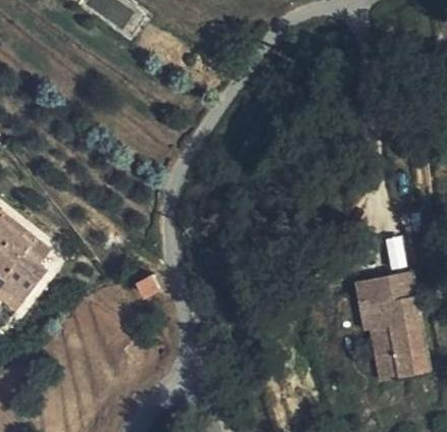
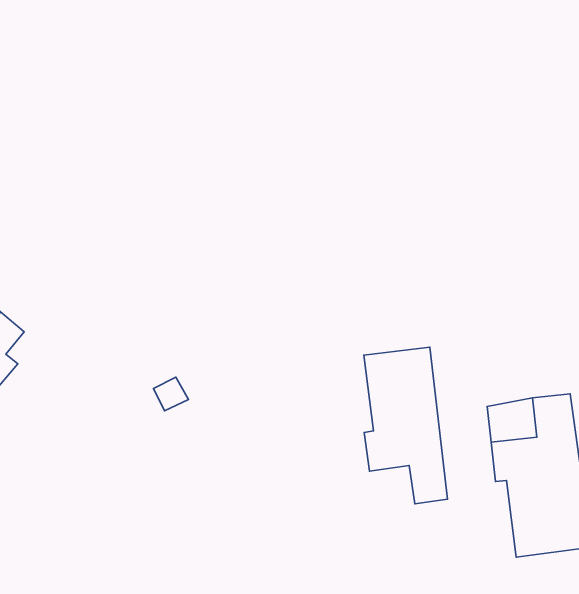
building: none -> [364,347,448,504]

